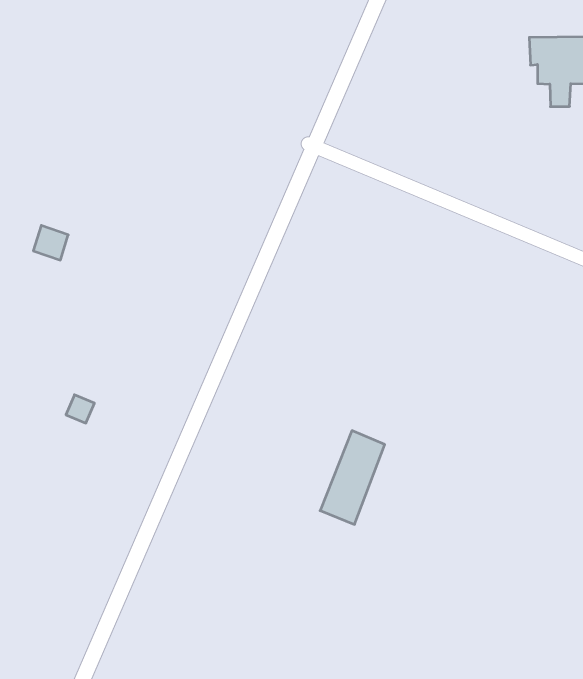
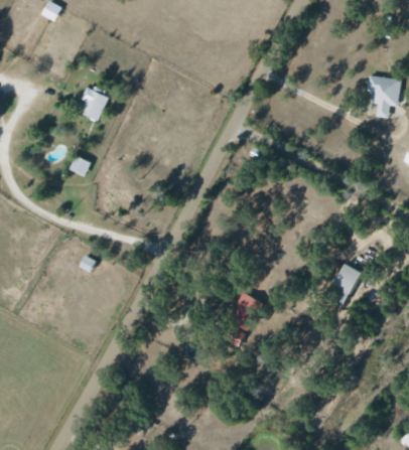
building: none -> [80,86,109,122]
building: none -> [327,264,360,304]

